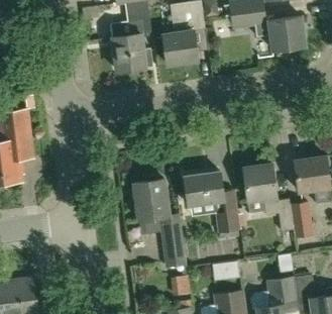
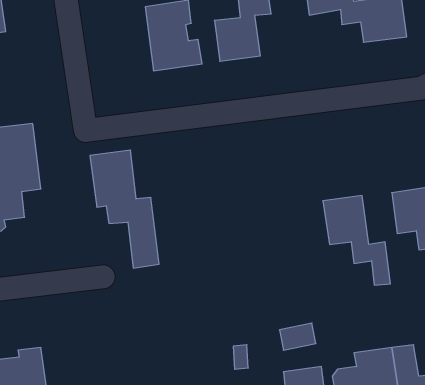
building: [184,171,239,238] -> none
building: [133,178,185,266] -> [90,150,159,268]
building: [290,203,313,238] -> none

